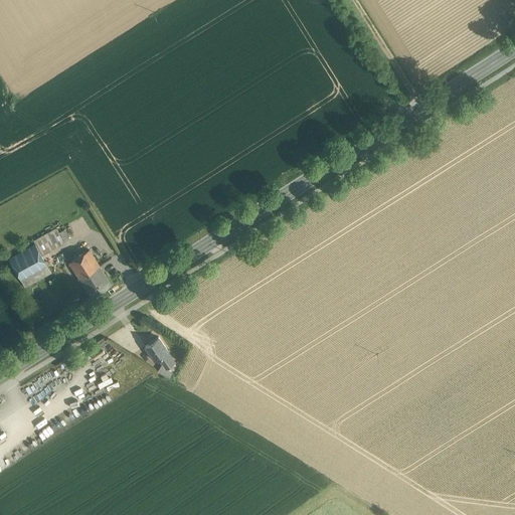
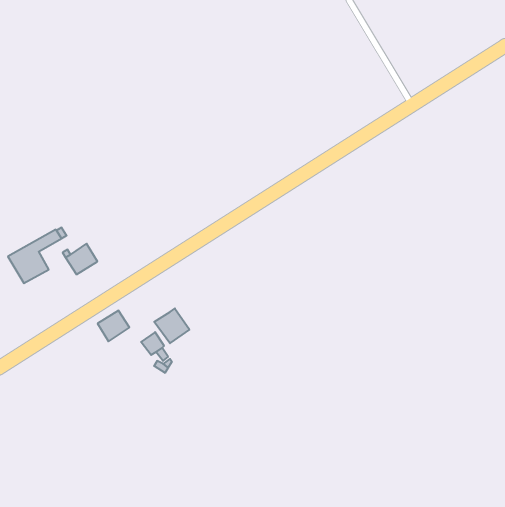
building: [77,265,110,296] -> [98,311,129,341]
building: none -> [154,308,189,343]

